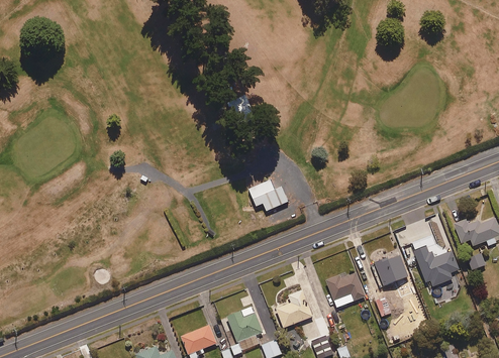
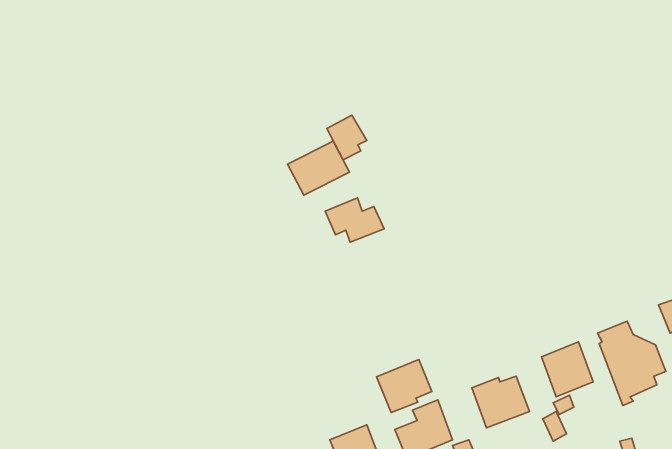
building: none -> [288,141,349,195]
building: [247,181,288,211] -> [325,198,384,242]
building: none -> [376,360,432,413]

